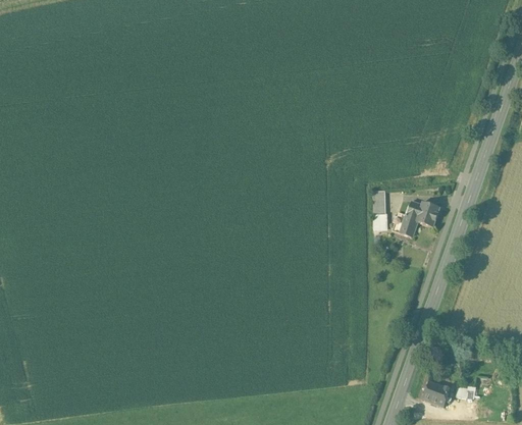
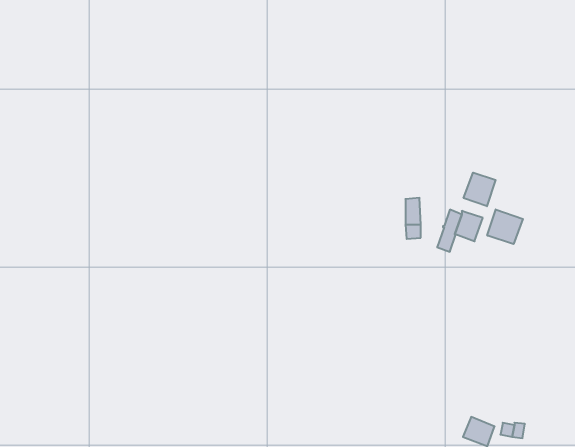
building: none -> [464,173,496,206]
building: none -> [487,209,523,244]

